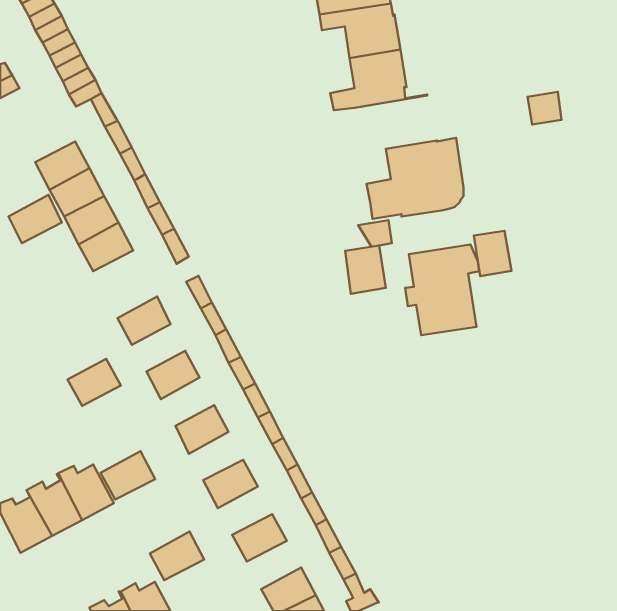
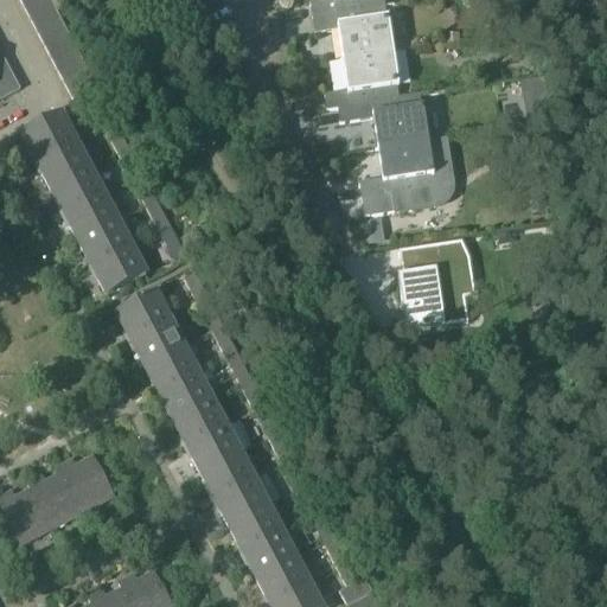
building: none -> [349,94,429,146]
building: [9,195,62,243] -> [23,111,75,159]
building: [474,231,512,276] -> none
building: [345,246,386,294] -> none
building: none -> [92,245,146,293]
building: [68,359,121,406] -> [130,318,183,364]
building: none -> [159,370,211,417]
building: [101,451,155,500] -> [186,423,239,471]
building: [150,532,204,580] -> [215,477,268,524]
building: none -> [243,530,296,577]

